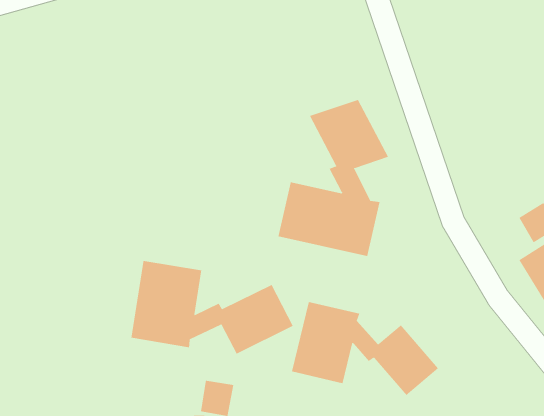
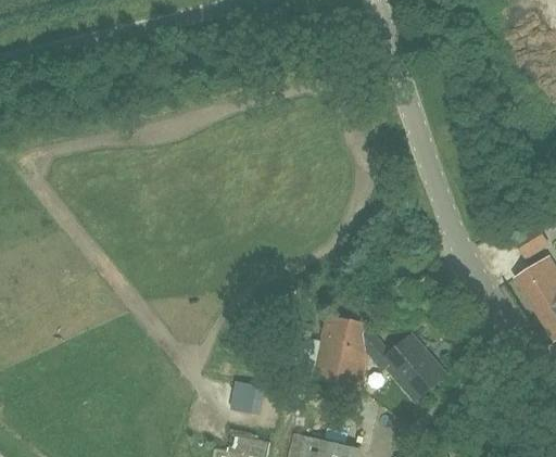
building: [278,99,389,257] -> none
building: [131,260,294,354] -> none

